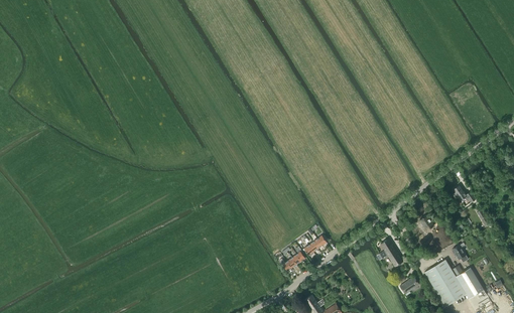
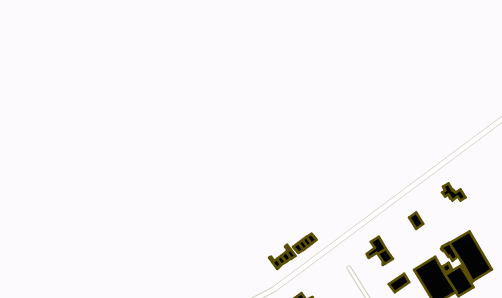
building: none -> [450,232,492,282]

